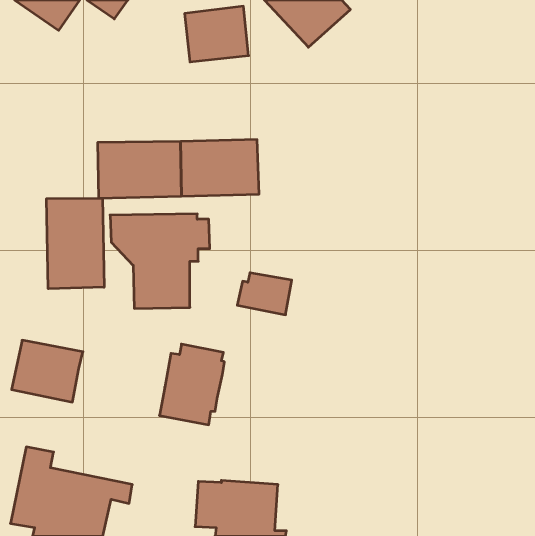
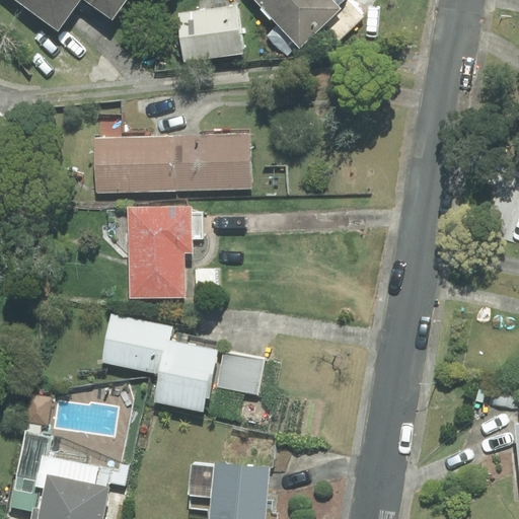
building: [47,198,104,289] -> none
building: [237,273,292,315] -> [210,354,263,394]
building: [12,340,83,402] -> [100,314,169,374]

